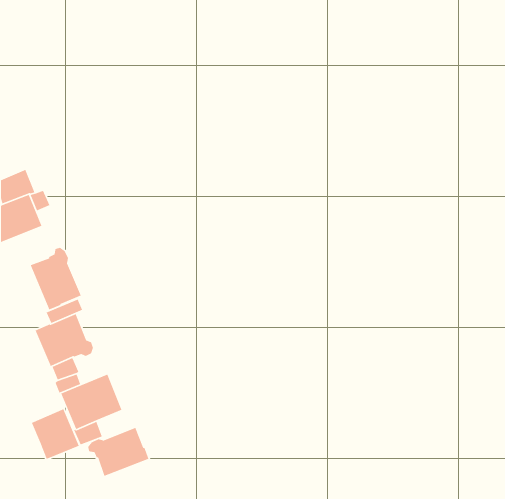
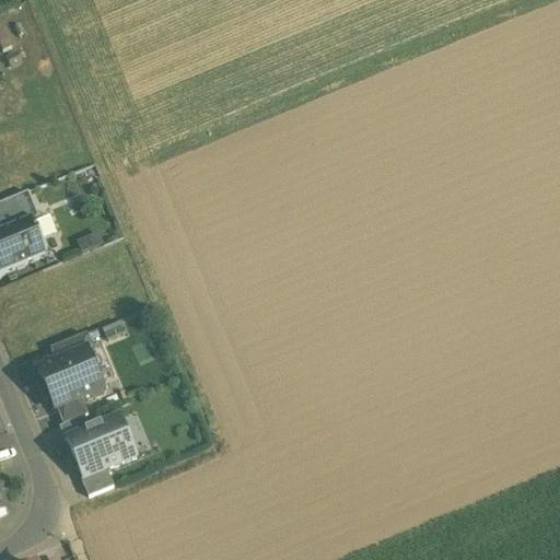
building: [29,247,82,310] -> none
building: [31,408,80,460] -> none
building: [87,427,149,477] -> none

